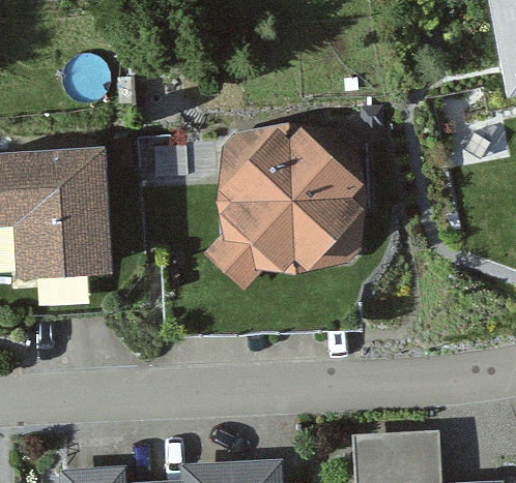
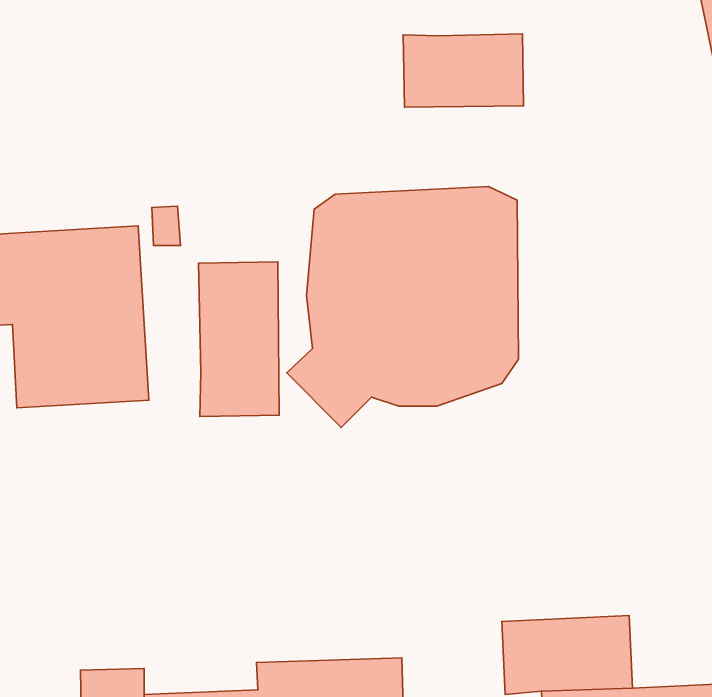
building: none -> [403,34,524,107]
building: none -> [198,262,279,416]

